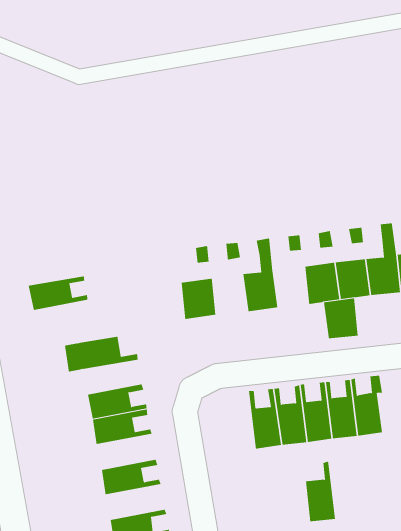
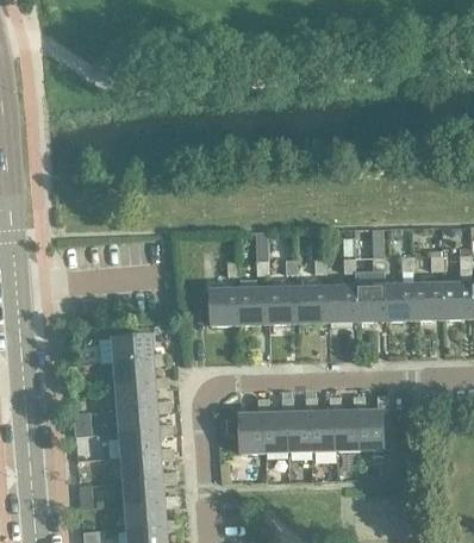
building: none -> [241,287,270,323]
building: [28,276,88,310] -> [111,357,166,385]
building: [323,298,359,339] -> [298,286,328,322]
building: none -> [117,427,171,456]
building: [305,461,336,522] -> [239,397,264,451]
building: none -> [120,475,175,504]

